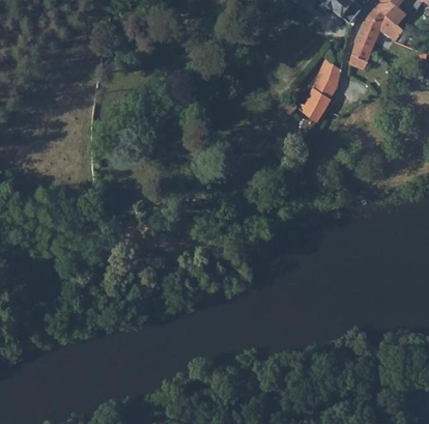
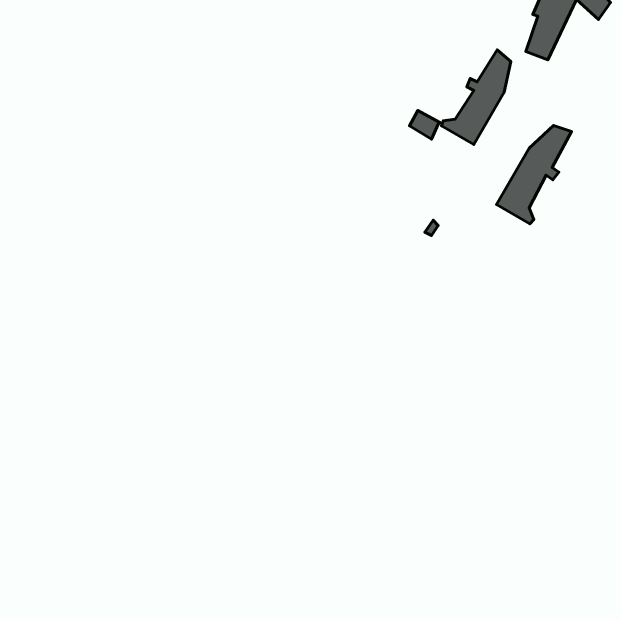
building: none -> [496,126,571,224]

